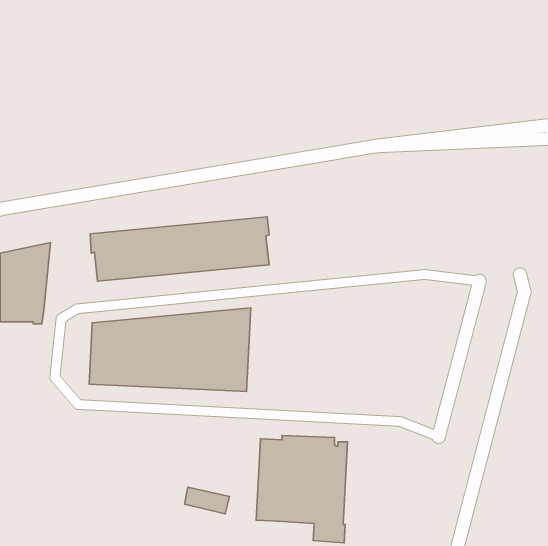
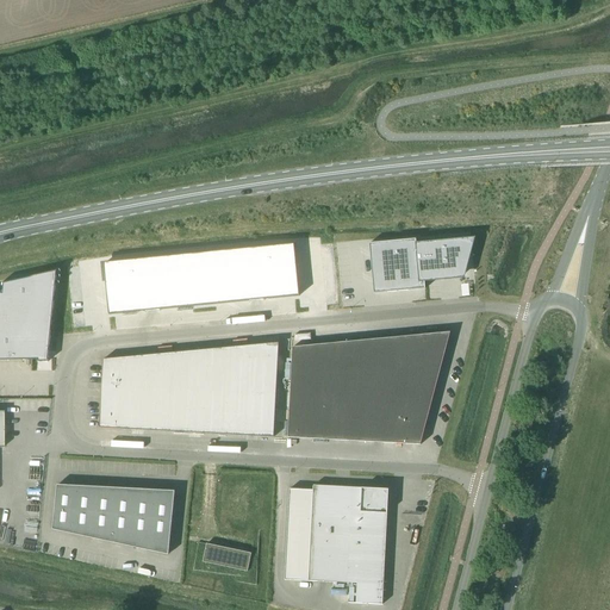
building: none -> [378,236,469,286]
building: none -> [287,331,450,443]
building: none -> [52,484,174,553]

